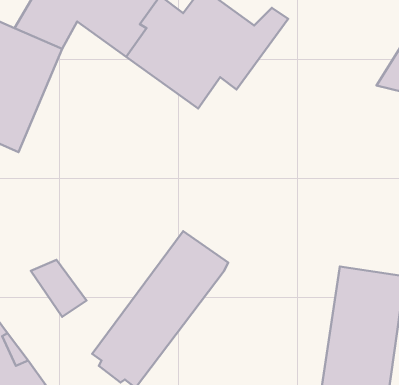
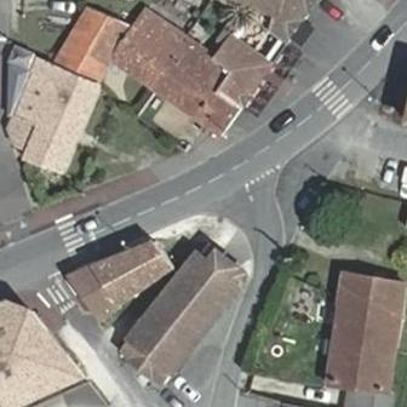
building: none -> [92,243,172,306]

